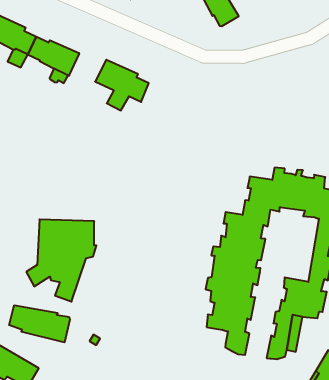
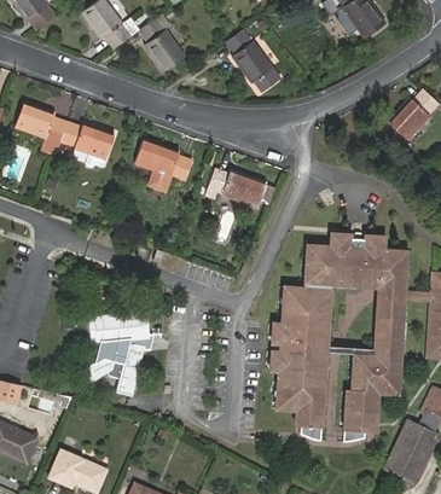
building: none -> [205,168,267,207]
building: none -> [327,283,384,351]
building: [9,305,70,342] -> none

